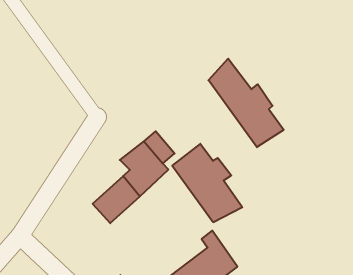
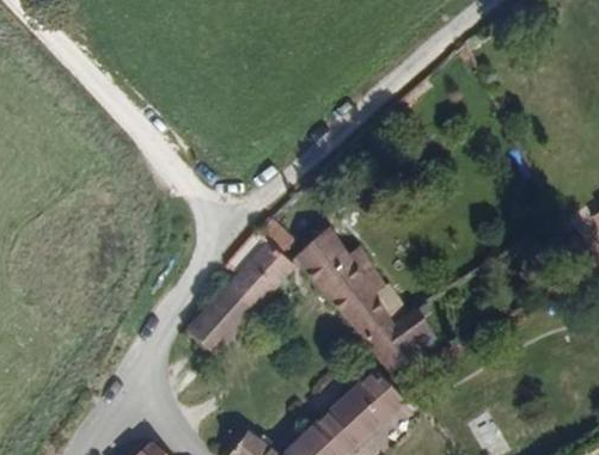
building: [208,59,284,147] -> none
building: none -> [374,306,438,363]

